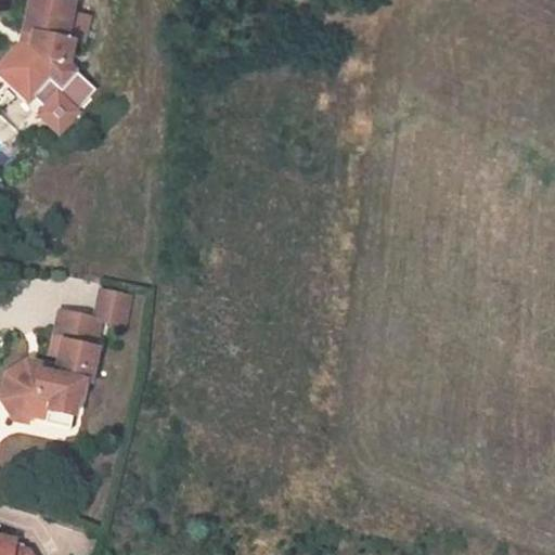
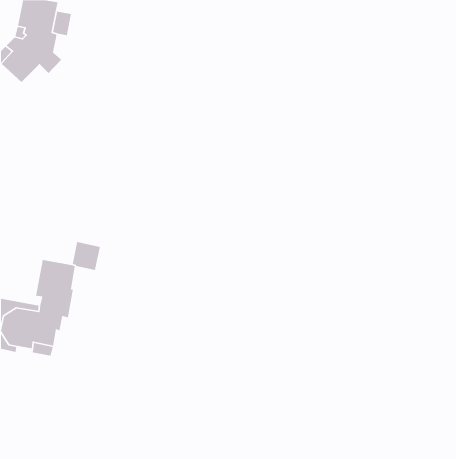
building: [35,72,99,127] -> none

